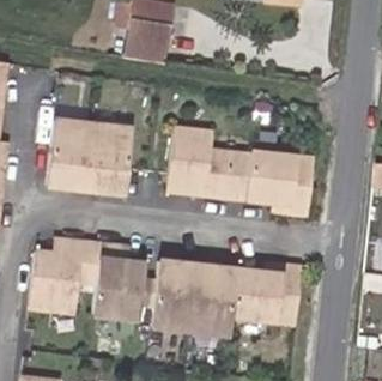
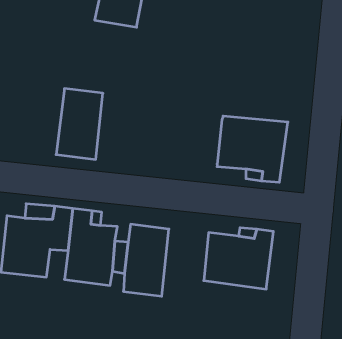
building: [44,119,91,189] -> none
building: [165,128,248,199] -> none
building: [188,264,235,334] -> none

